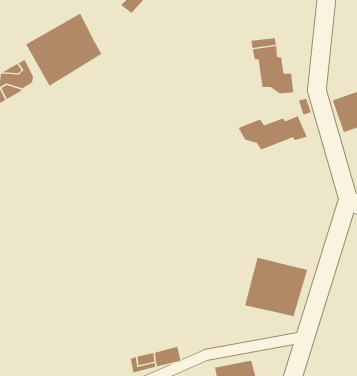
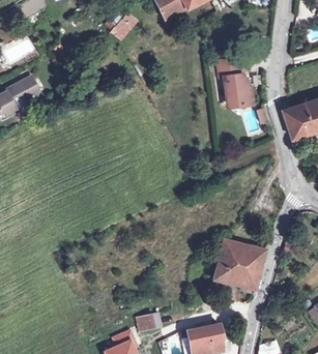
building: [25,12,103,87] -> none
building: [238,115,308,150] -> none

